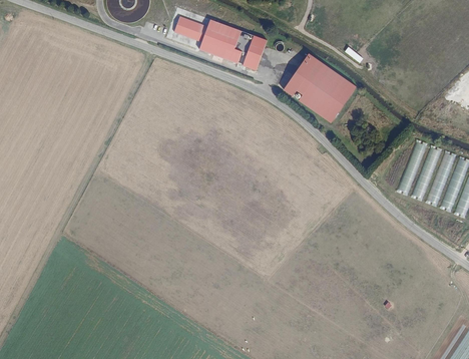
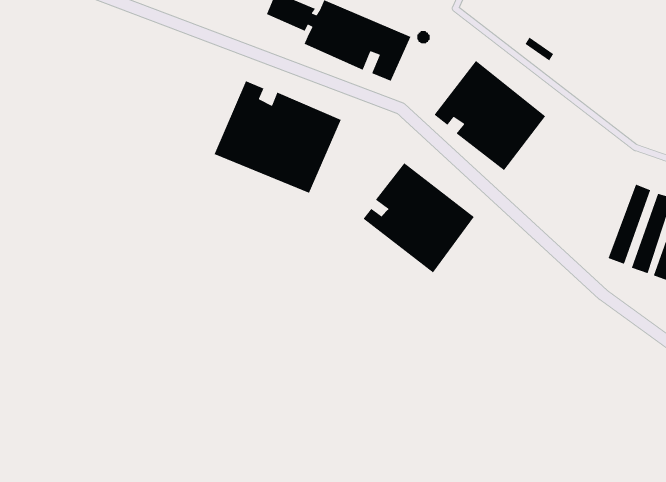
building: none -> [213,80,342,194]
building: none -> [363,162,475,273]

